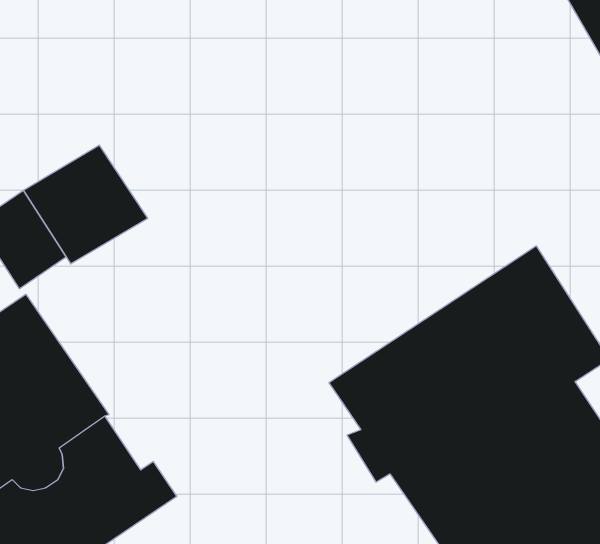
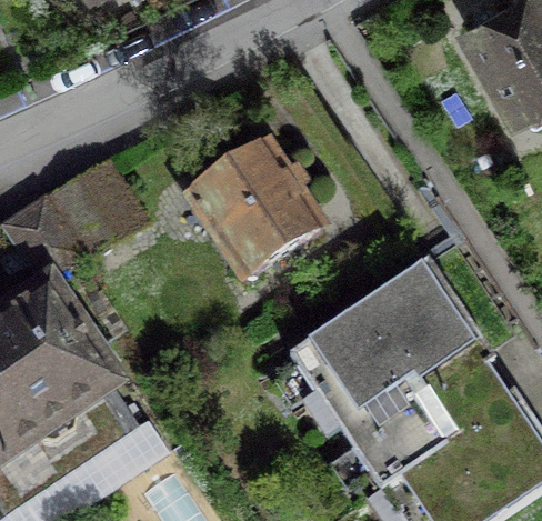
building: none -> [187,141,315,274]

